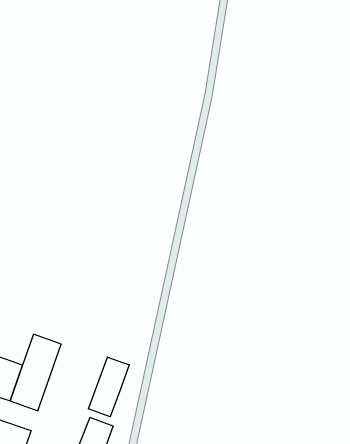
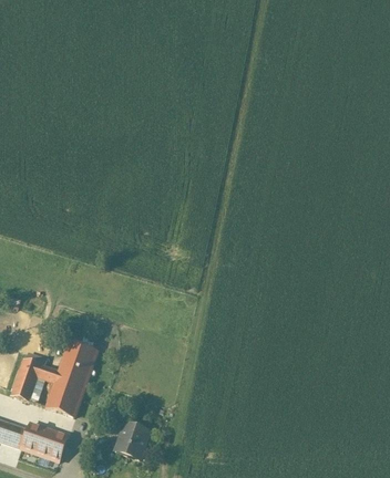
building: [88,357,129,417] -> none

